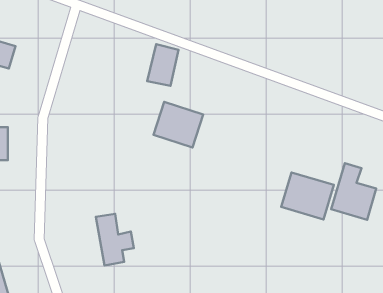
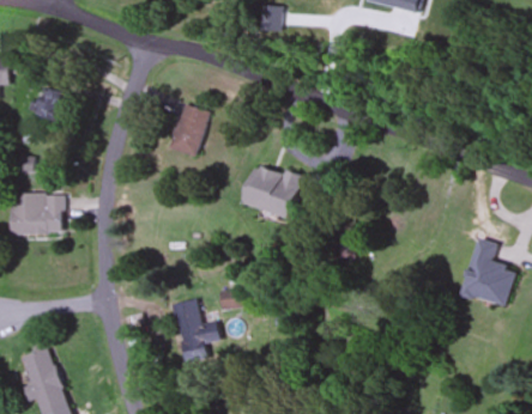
building: [147,44,178,86] -> [170,104,208,156]
building: [281,172,334,219] -> none

